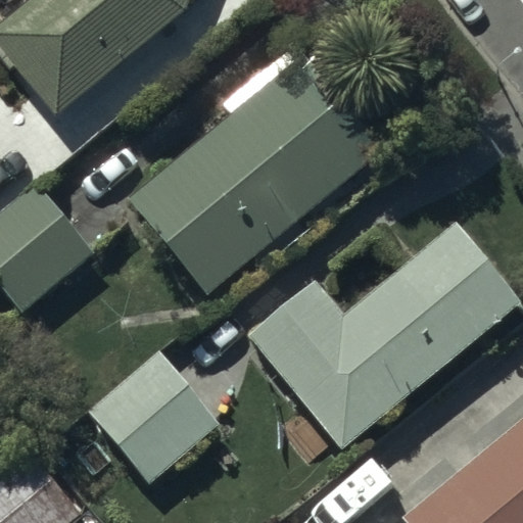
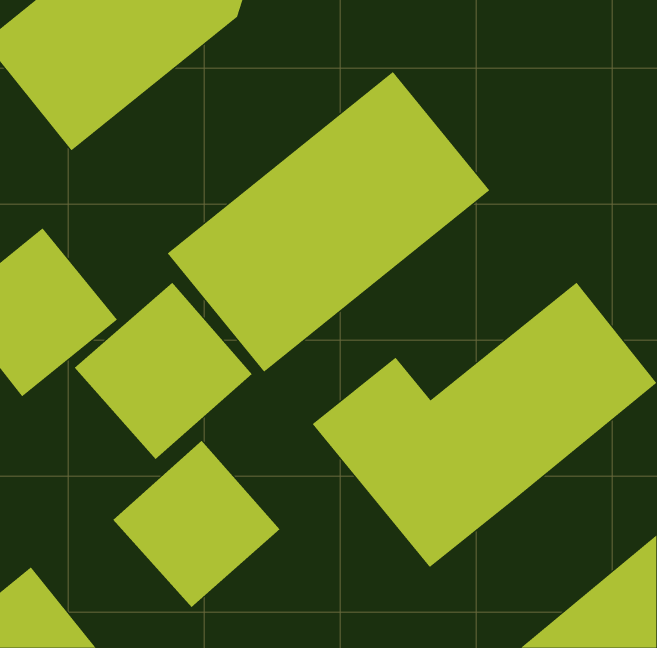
building: none -> [74,282,253,460]

